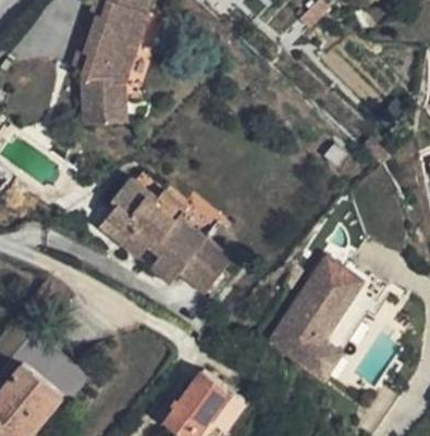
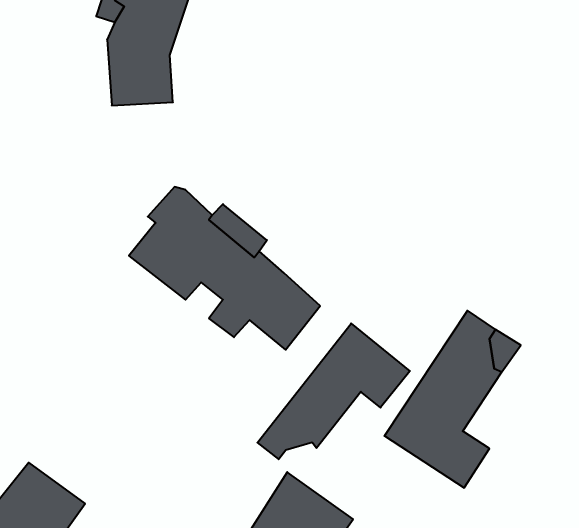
building: none -> [257,323,410,459]

